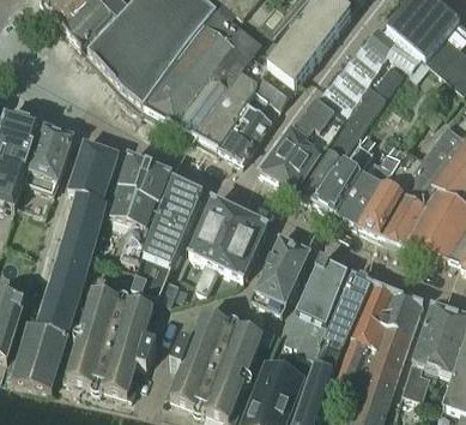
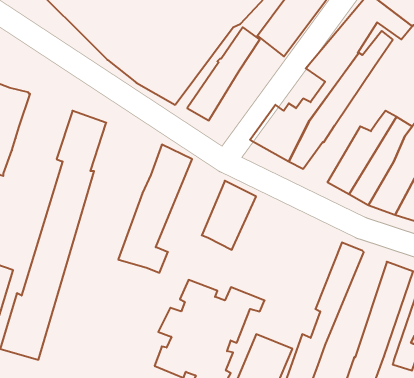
building: [220,68,295,161] -> none
building: [286,95,335,139] -> none
building: [25,122,74,190] -> none
building: [314,128,376,210] -> none
building: [113,154,170,259] -> none
building: [190,197,236,291] -> none
building: [252,234,310,310] -> none
building: [285,252,349,355] -> none
building: [62,269,158,395] -> none
building: [335,280,397,384] -> none

